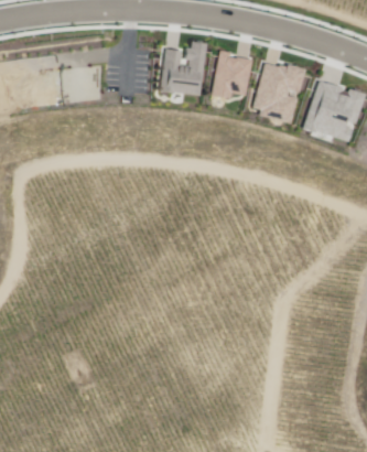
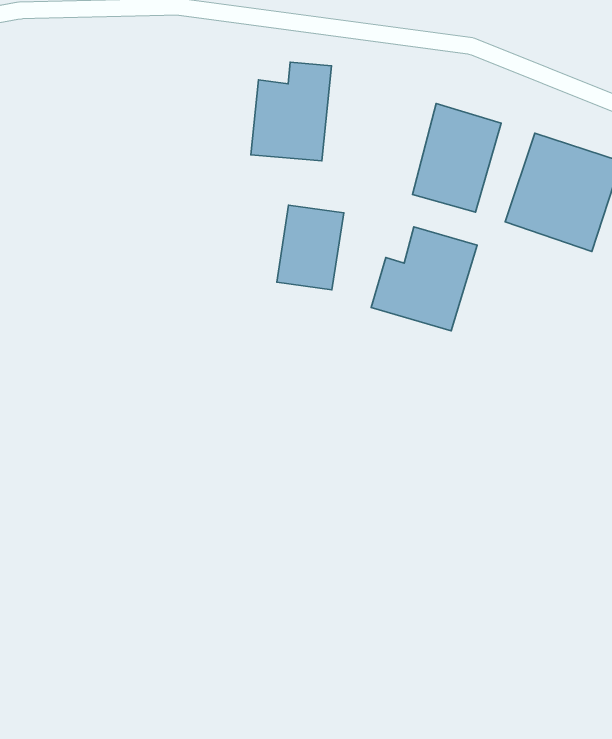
building: [212,52,249,99] -> [277,205,344,290]
building: none -> [371,227,477,331]

